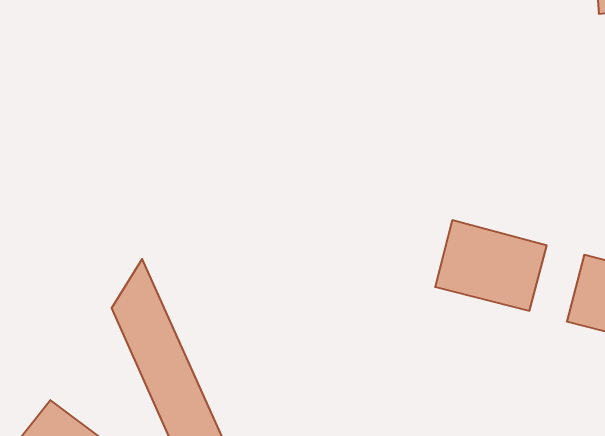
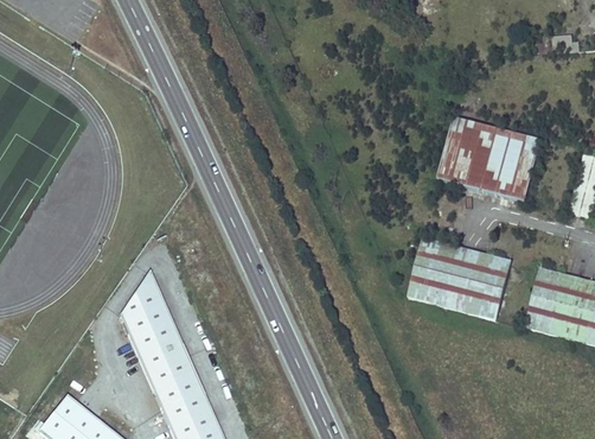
building: none -> [440,119,543,203]

